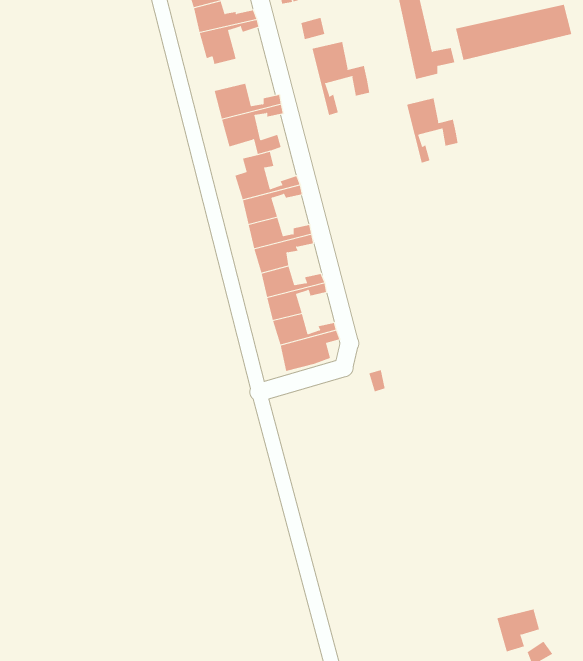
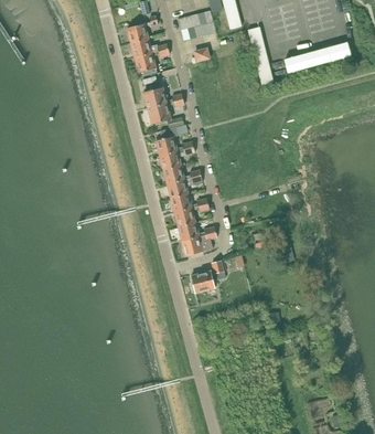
building: [312,41,370,116] -> none
building: [407,98,458,163] -> none
building: none -> [190,261,223,293]

